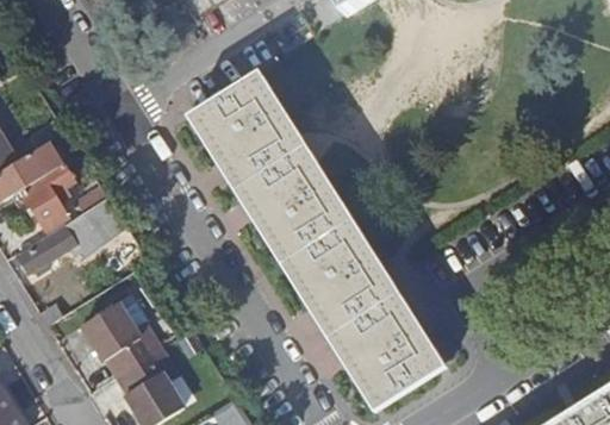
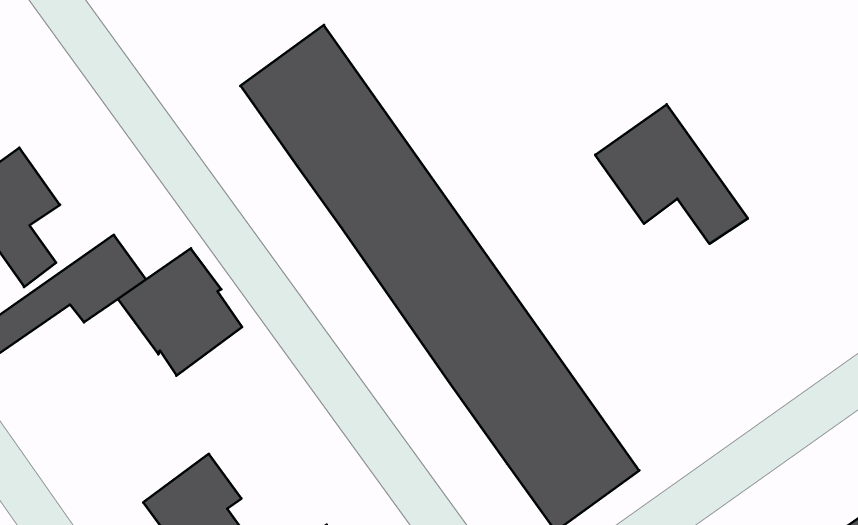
building: none -> [595,104,748,244]
building: [80,290,158,371] -> [118,248,242,376]

